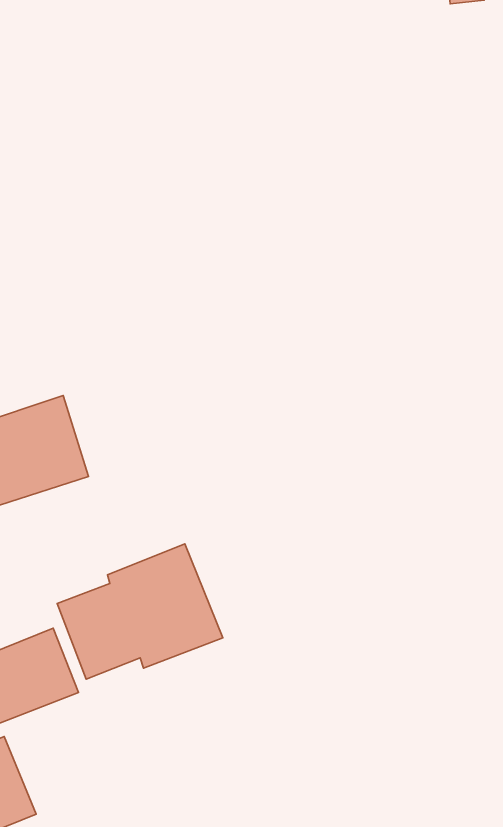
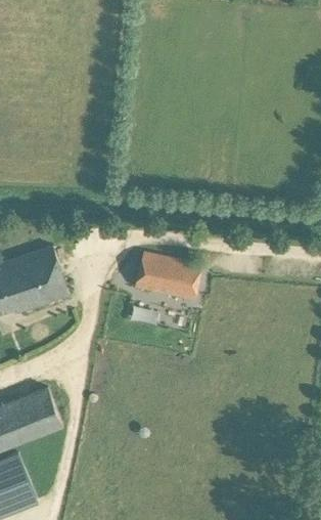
building: none -> [135,253,202,301]
building: [57,544,223,679] -> none

